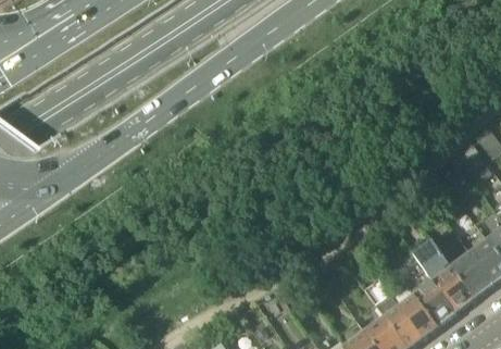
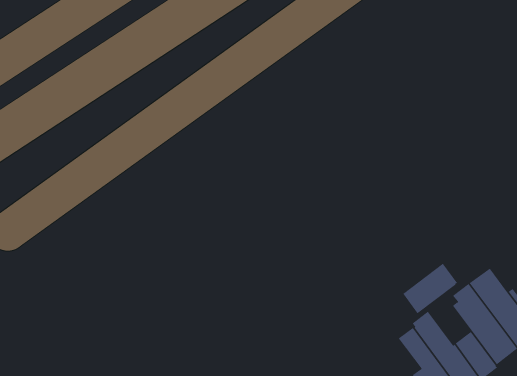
building: none -> [403,263,458,314]

